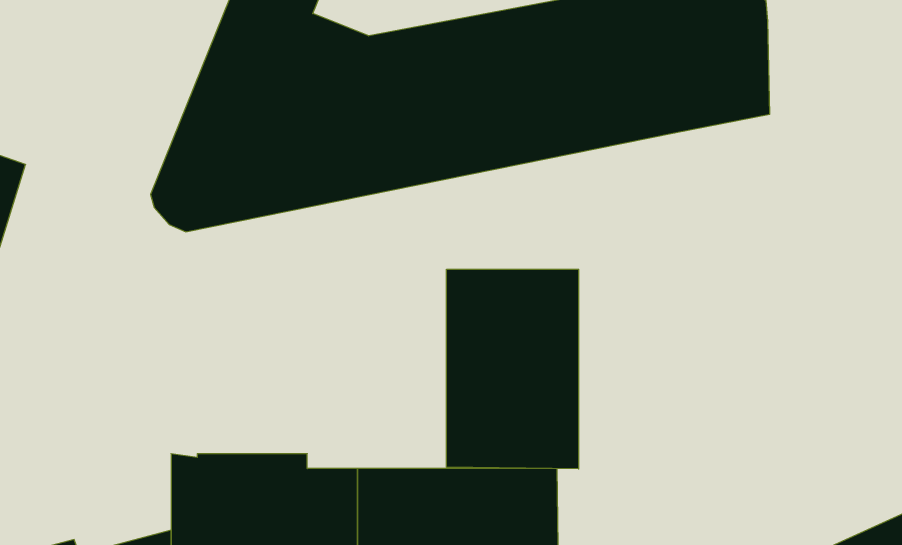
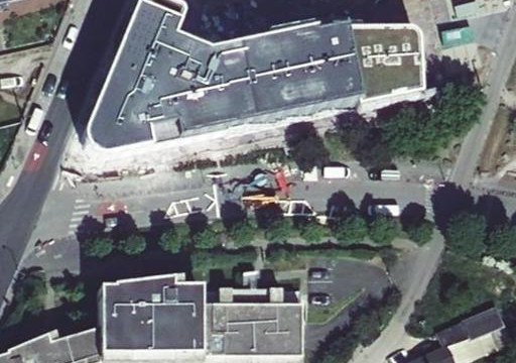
building: [447,269,579,469] -> none

